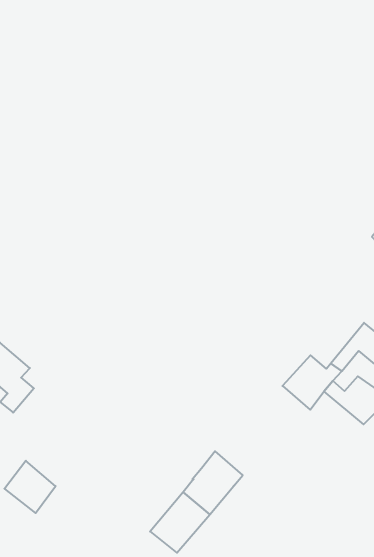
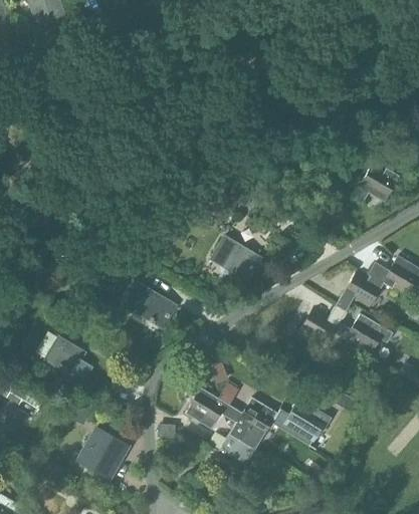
building: none -> [218,240,261,282]
building: none -> [125,280,178,329]
building: none -> [185,387,241,428]
building: none -> [270,405,324,446]

